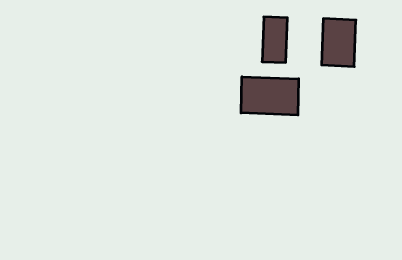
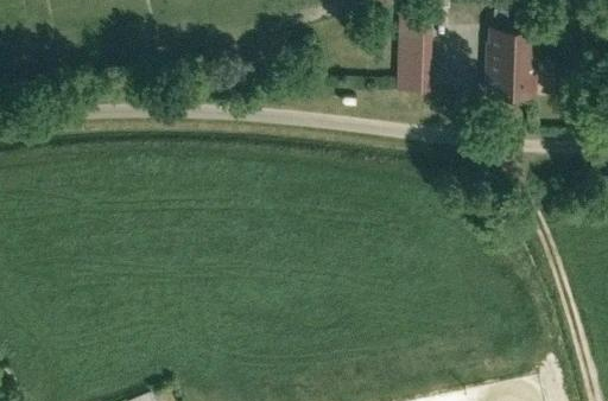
building: [241,77,299,115] -> none

